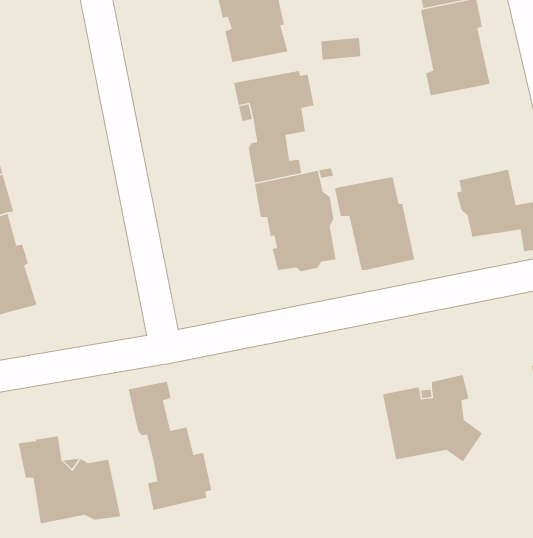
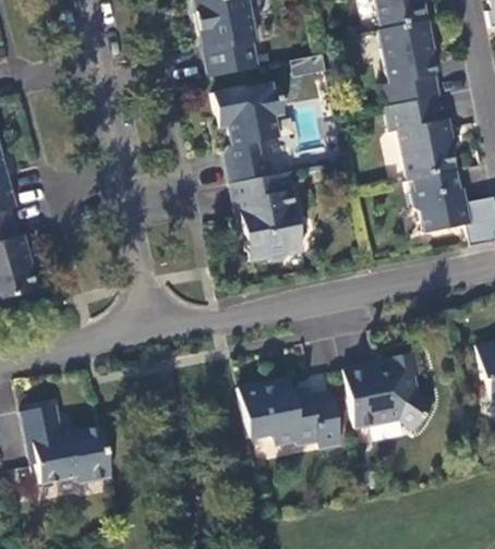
building: [334,176,415,271] -> [384,96,456,180]
building: [128,381,212,511] -> none
building: none -> [238,377,341,451]

